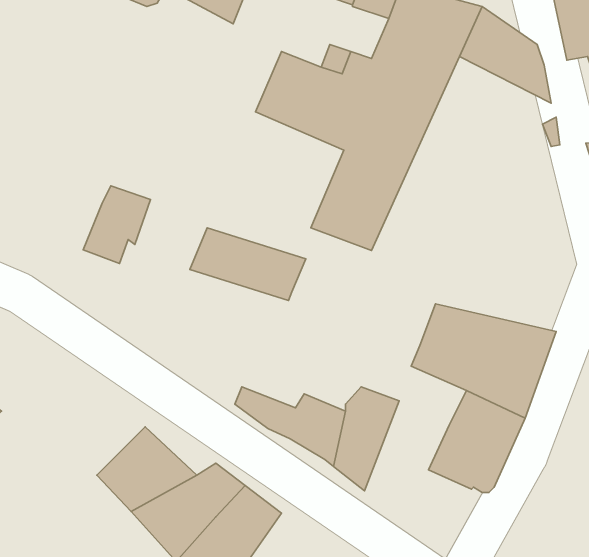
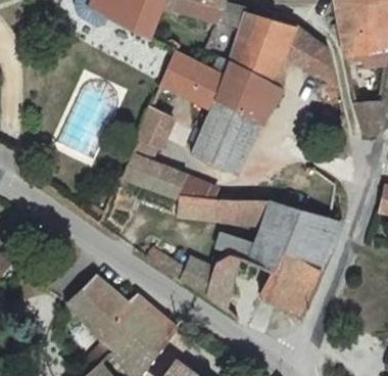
building: [83,186,150,264] -> [134,111,174,157]
building: none -> [176,194,266,226]
building: none -> [210,230,285,273]

